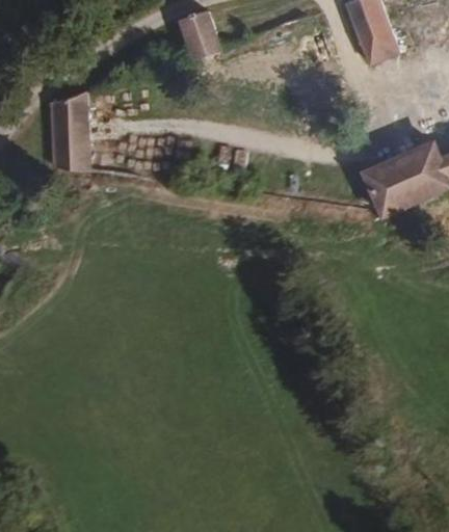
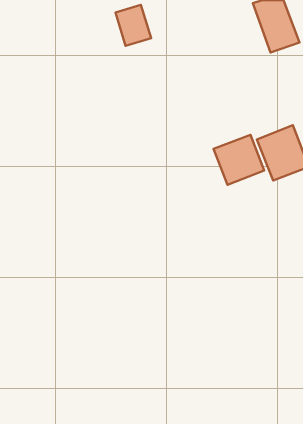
building: [52,97,89,172] -> none
building: none -> [213,135,264,185]

